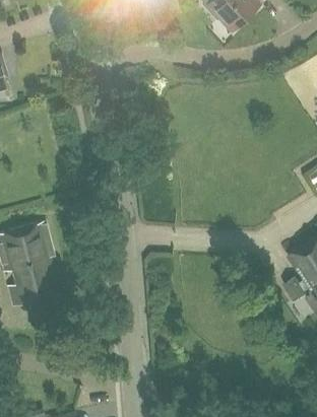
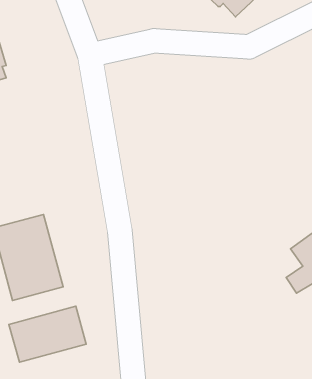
building: none -> [9,306,86,362]

